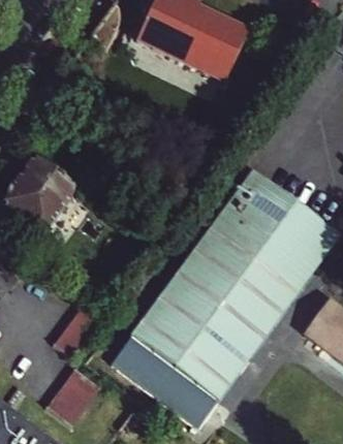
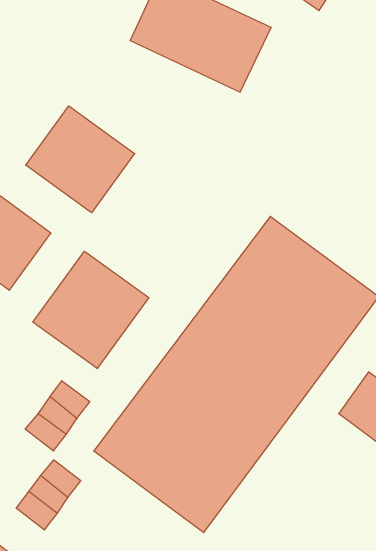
building: none -> [26,106,135,213]
building: none -> [33,251,149,369]

